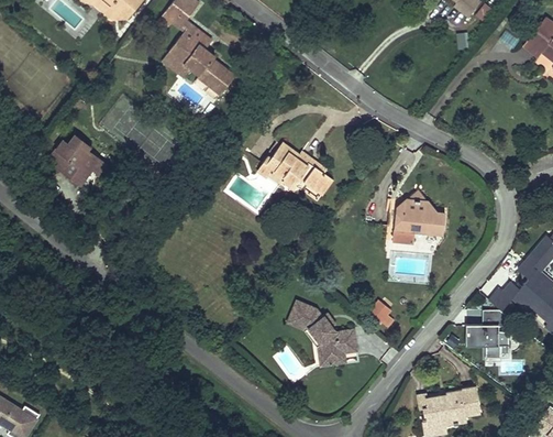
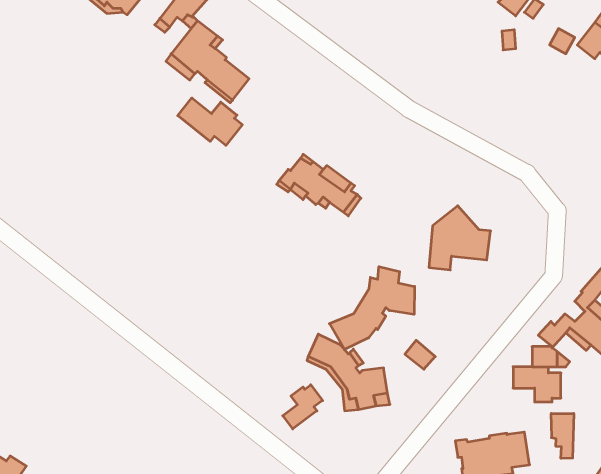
building: none -> [178,98,242,145]
building: [51,138,106,190] -> none
building: none -> [329,267,415,350]
building: none -> [283,385,323,429]
building: none -> [551,413,574,458]

